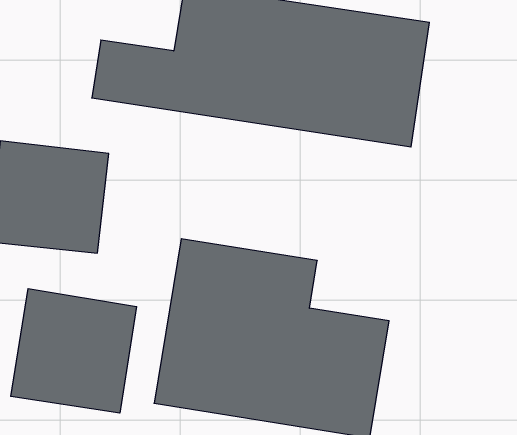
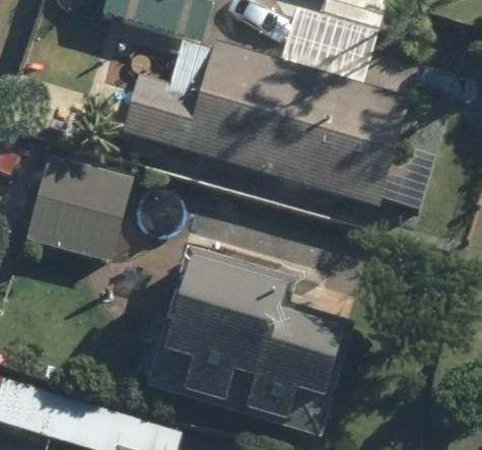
building: [11,289,137,413] -> none

